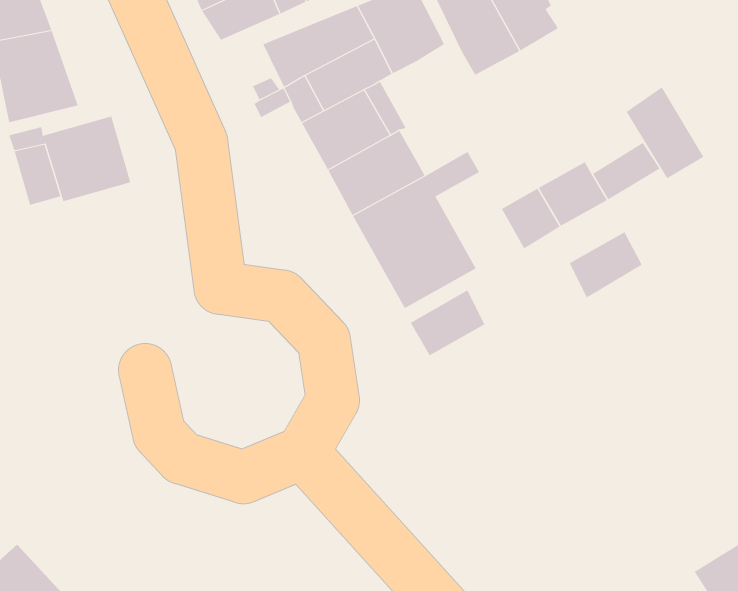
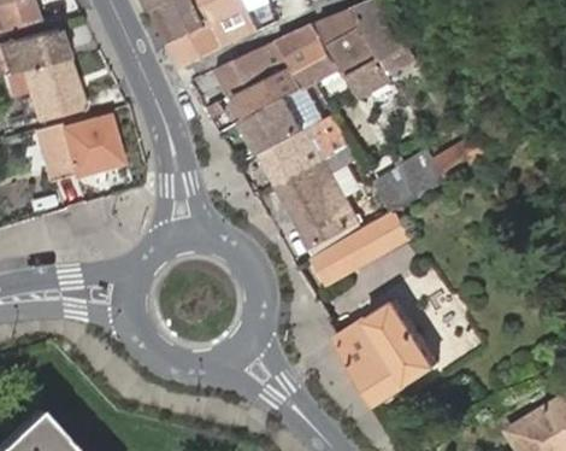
building: [626,87,704,179] -> none
building: [569,231,642,298] -> [354,213,405,259]
building: none -> [337,299,442,402]

